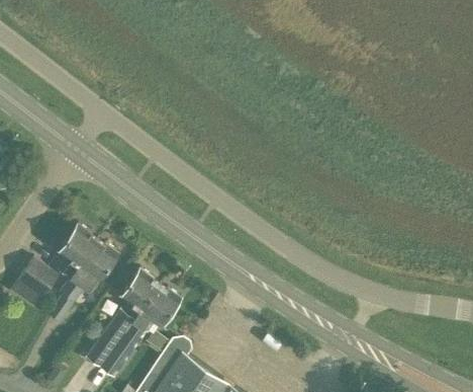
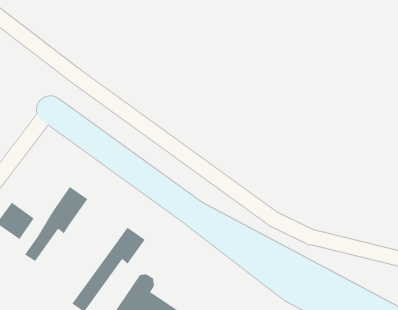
building: [56,227,97,296] -> none
building: [85,270,160,370] -> none

